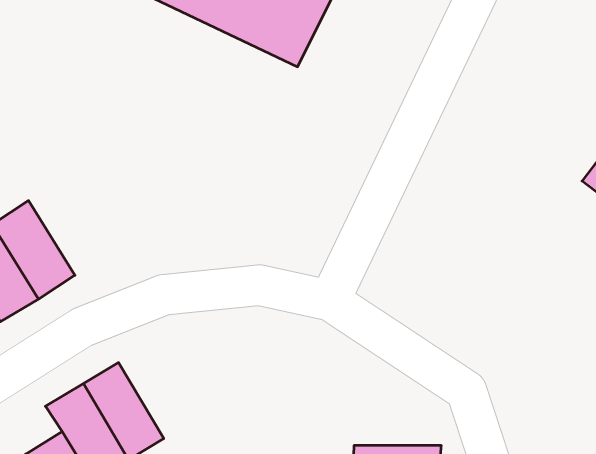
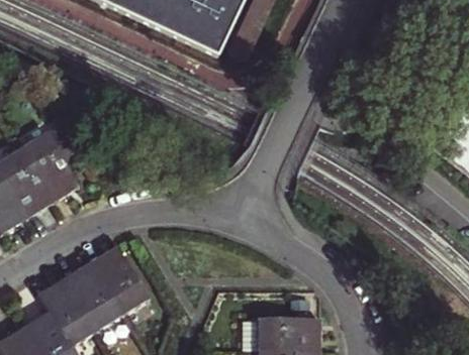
building: none -> [23,123,83,201]
building: none -> [88,246,150,318]

